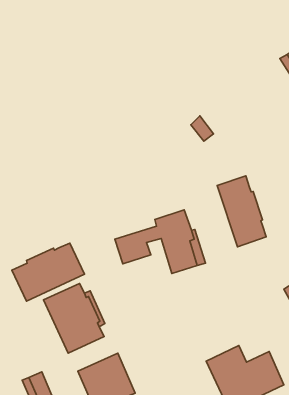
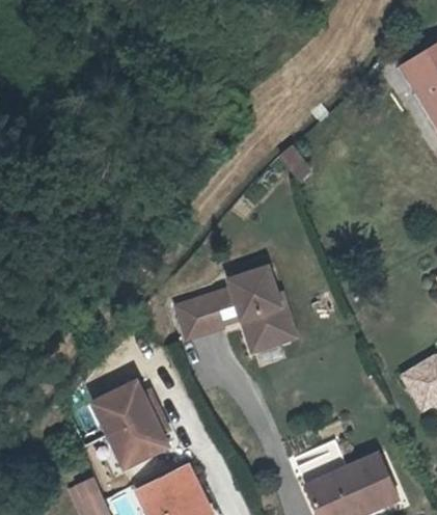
building: [217,176,266,247] -> none
building: [12,243,84,301] -> none

